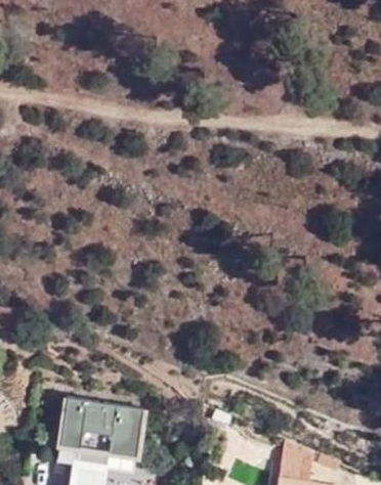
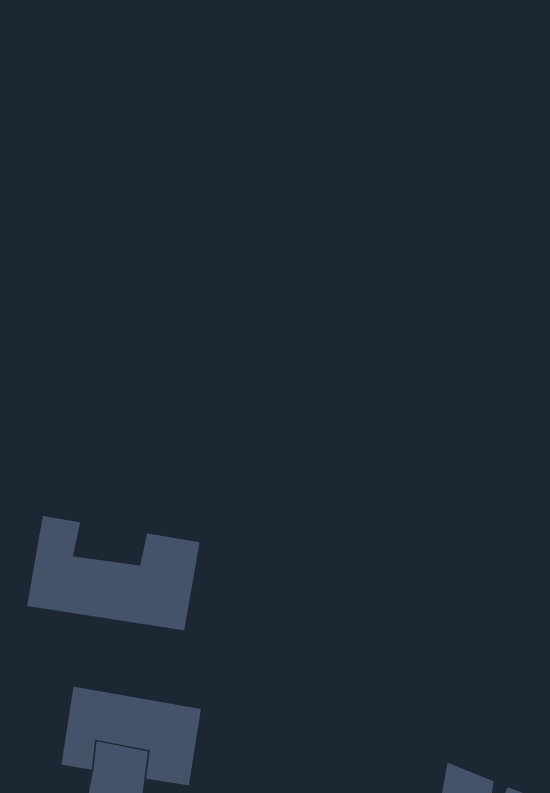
building: none -> [26,515,201,631]

